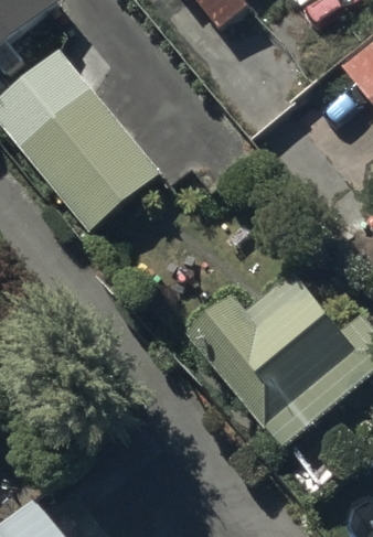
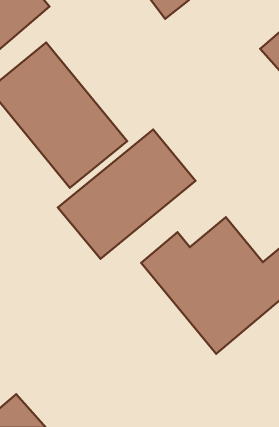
building: none -> [58,129,196,259]

